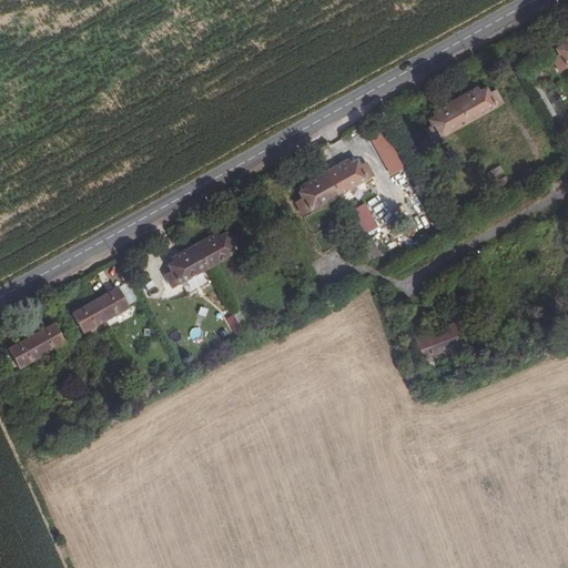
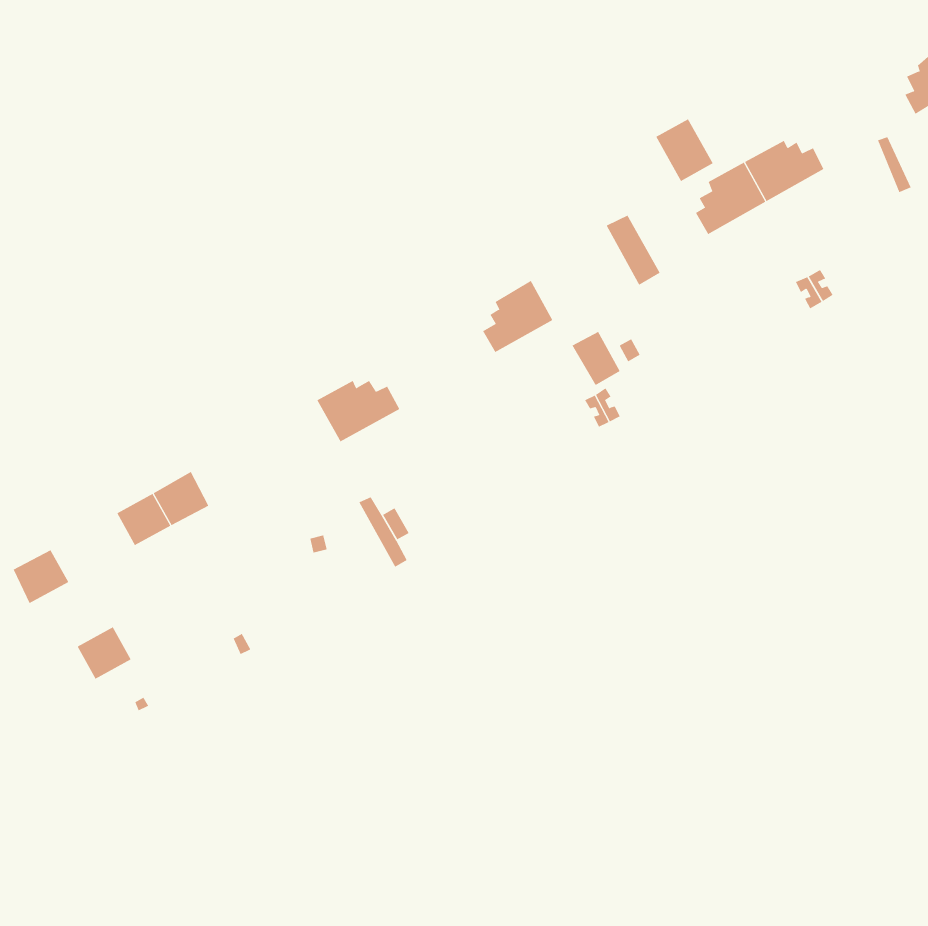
building: none -> [655,118,714,182]
building: [325,159,374,195] -> none
building: [164,244,209,288] -> none
building: [415,321,468,363] -> none
building: [32,323,65,355] -> [77,627,132,679]

